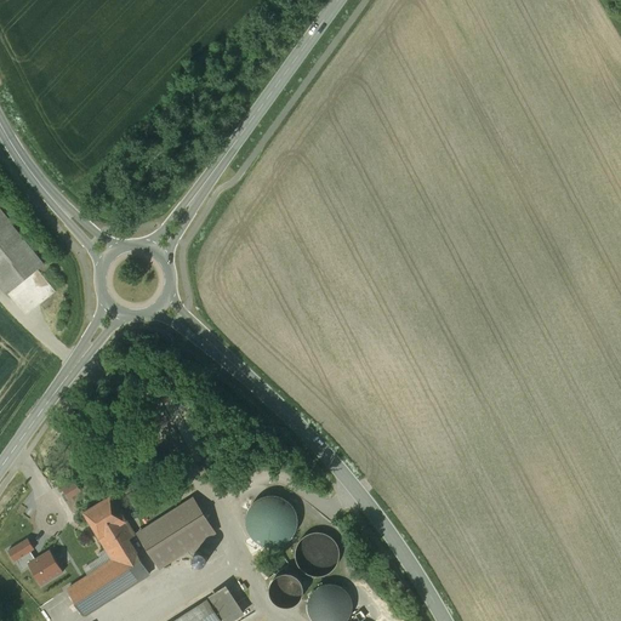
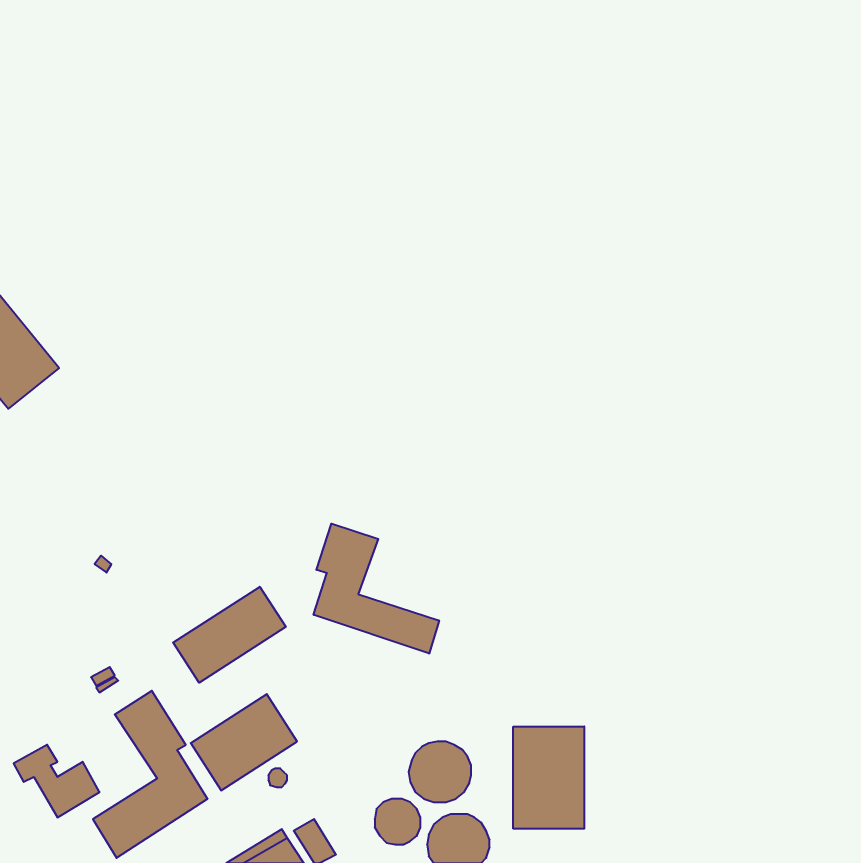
building: none -> [314,524,439,654]
building: none -> [173,587,286,683]
building: [251,494,301,543] -> none
building: none -> [513,726,584,829]

